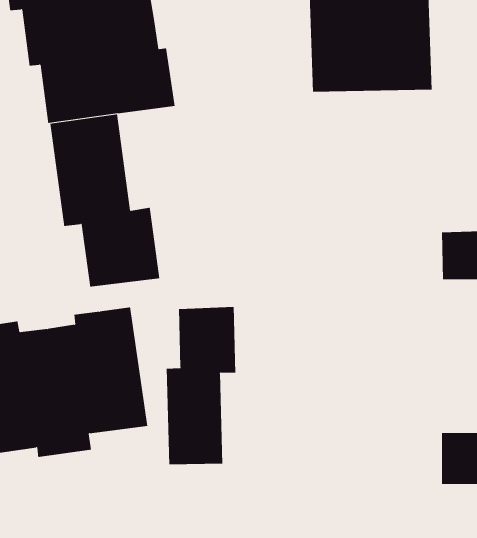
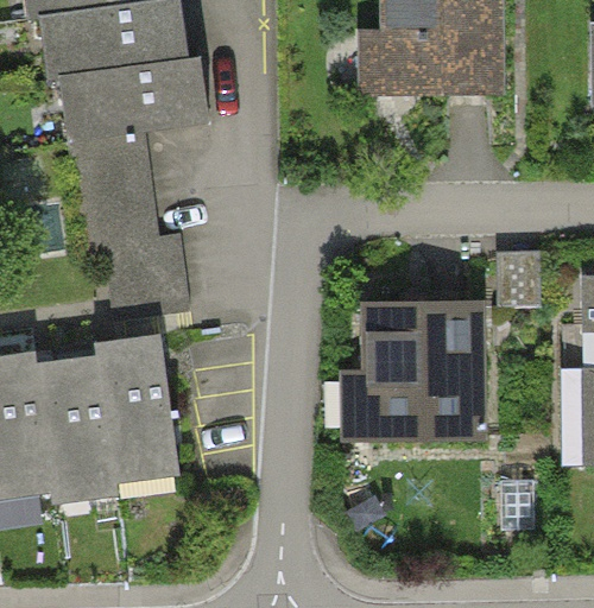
building: none -> [339,297,491,438]
building: [166,306,236,465] -> none

